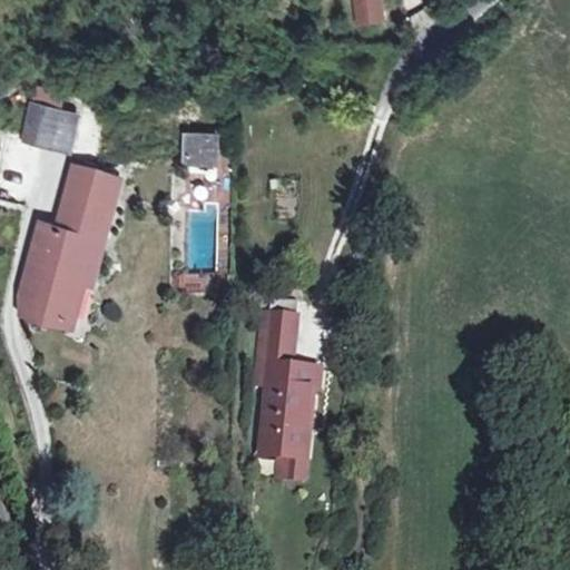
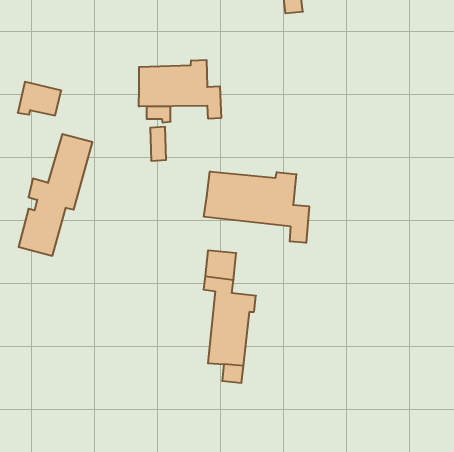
building: none -> [139,60,221,119]
building: none -> [204,171,309,243]

